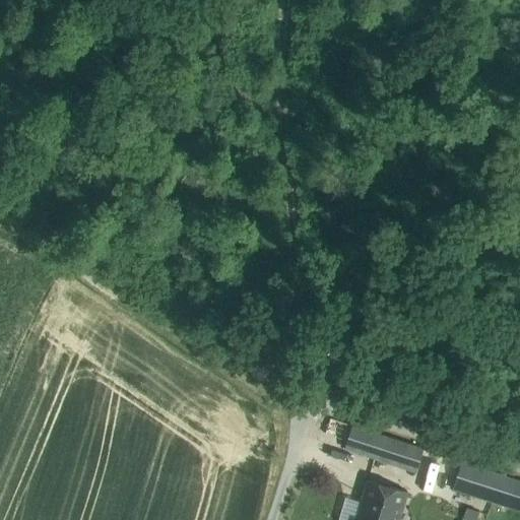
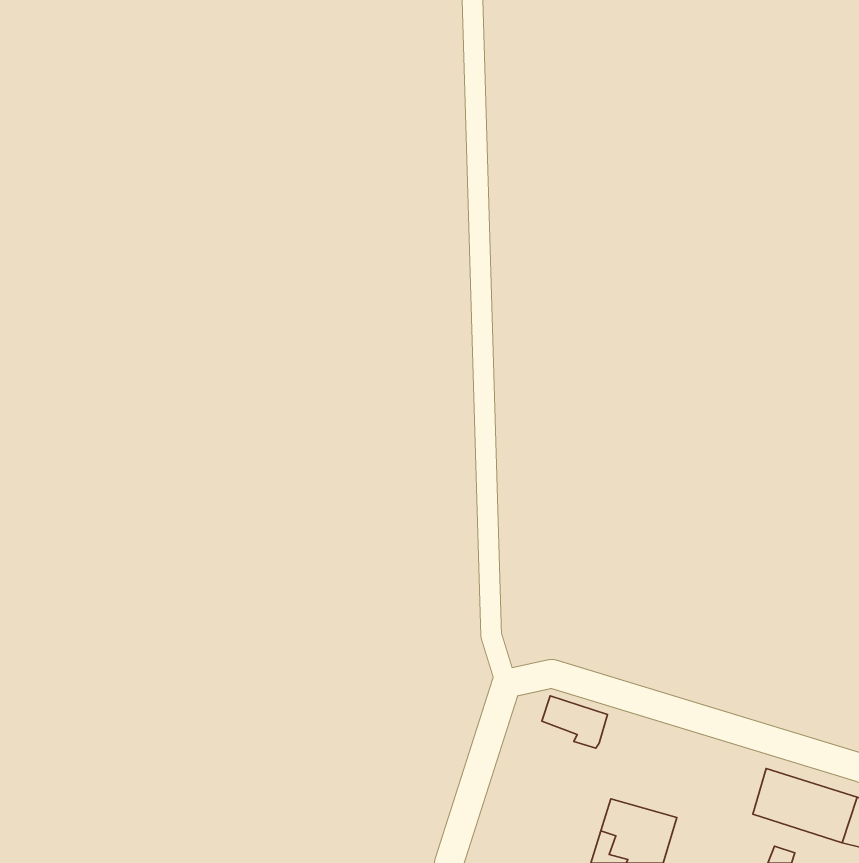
building: [363,430,426,465] -> none

